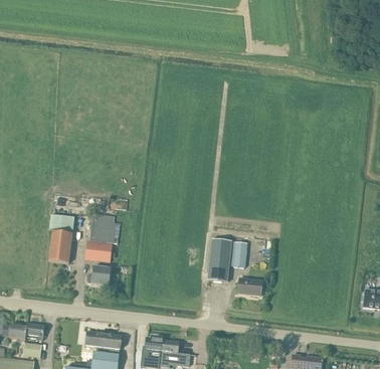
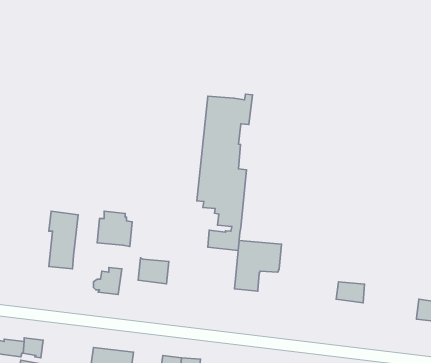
building: none -> [197,94,253,250]
building: [85,240,112,262] -> [138,258,169,284]
building: [237,278,261,296] -> [336,282,364,303]

